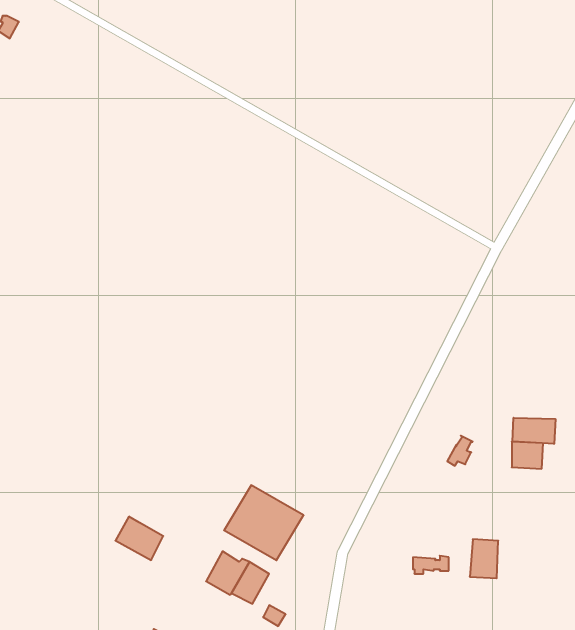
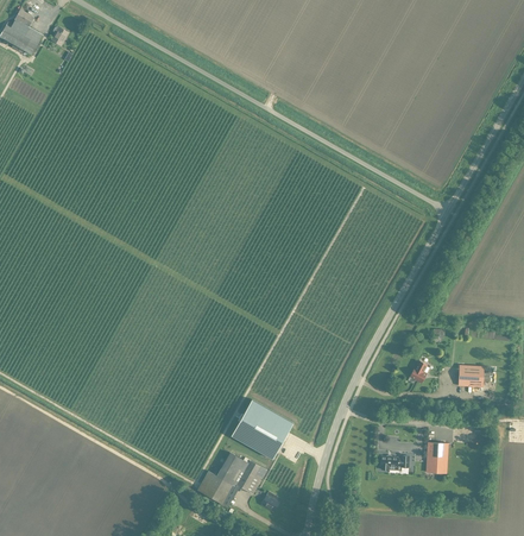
building: [513,418,555,444] -> none
building: [115,517,163,560] -> [197,471,235,505]

